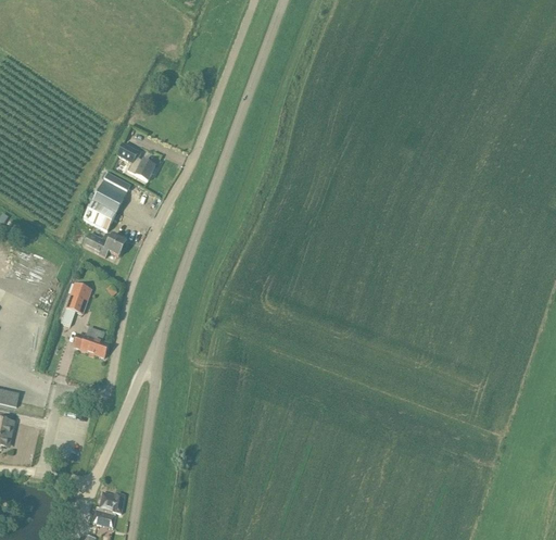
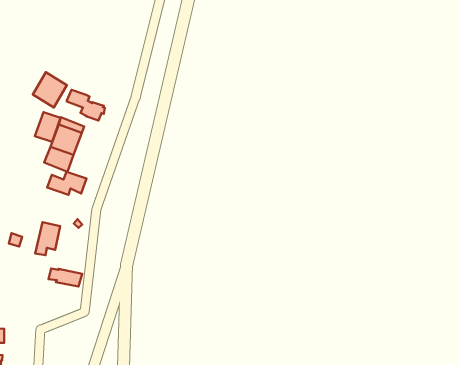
building: none -> [33,72,67,107]
building: none -> [35,112,61,142]

